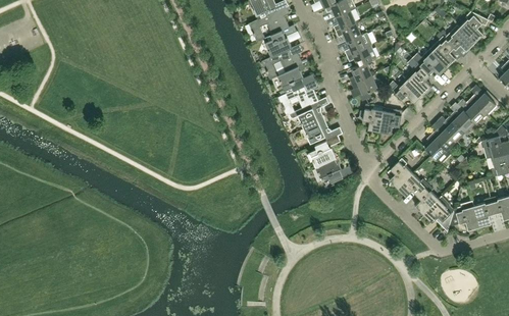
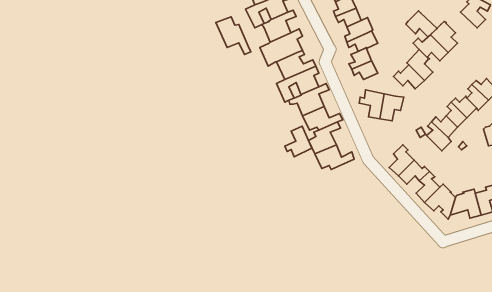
building: [445,25,475,51] -> [406,11,437,37]
building: none -> [216,17,251,54]
building: none -> [285,126,312,157]

